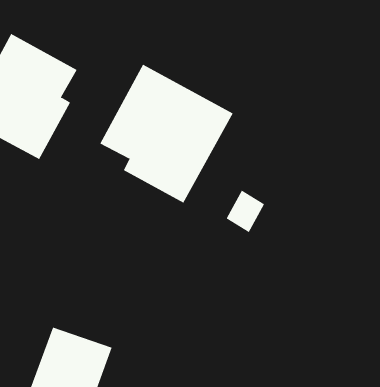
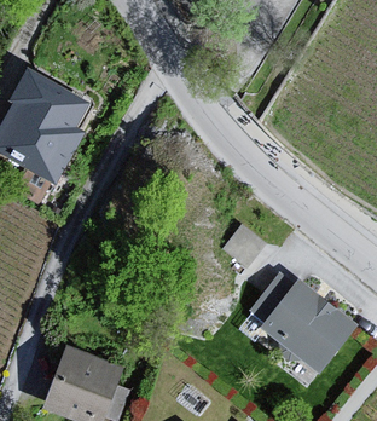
building: [99,64,233,203] -> none
building: none -> [244,271,354,375]

